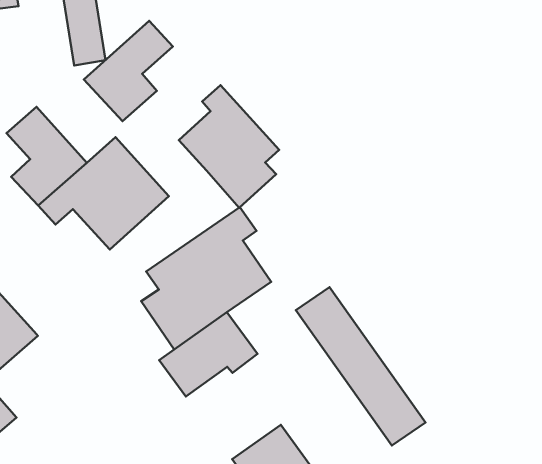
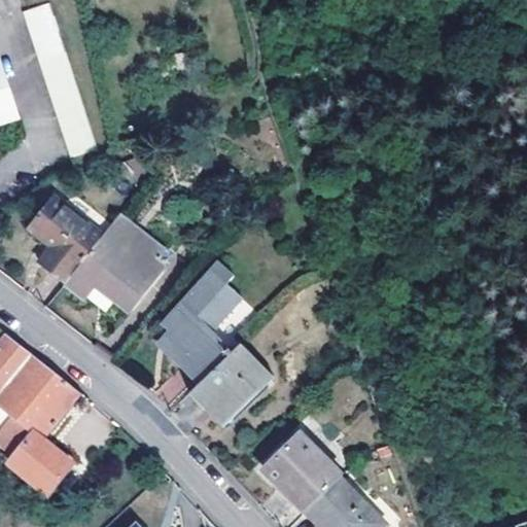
building: [84,21,173,121] -> none
building: [179,85,279,208] -> none
building: [296,287,425,446] -> none

